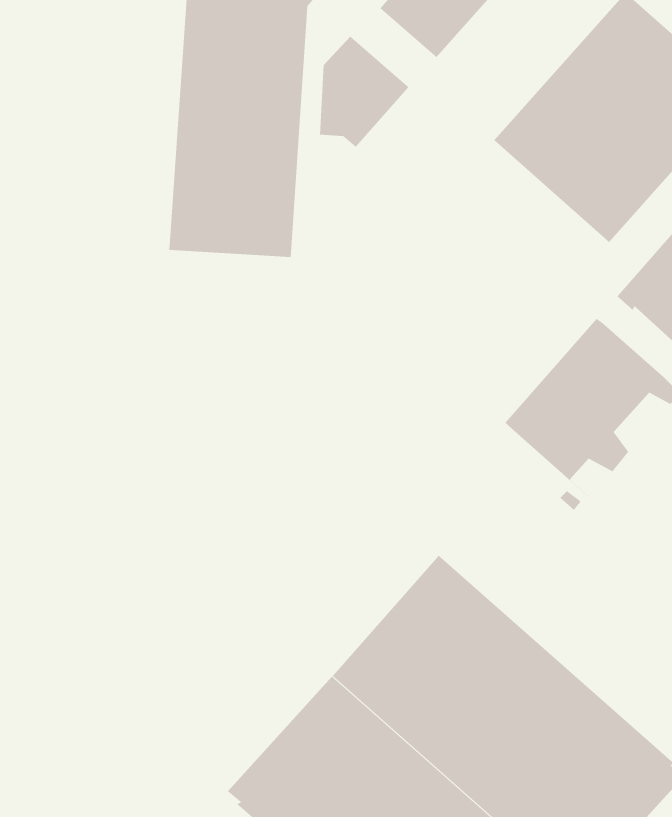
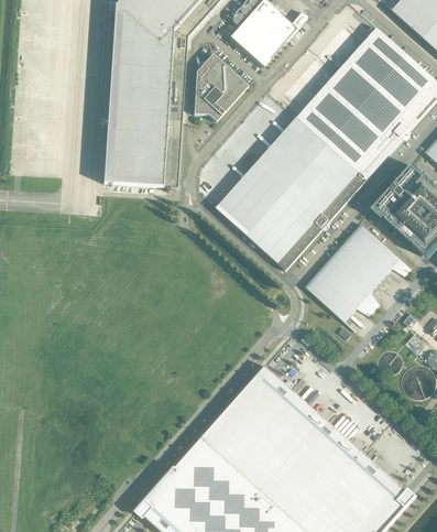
building: none -> [216,117,367,271]

